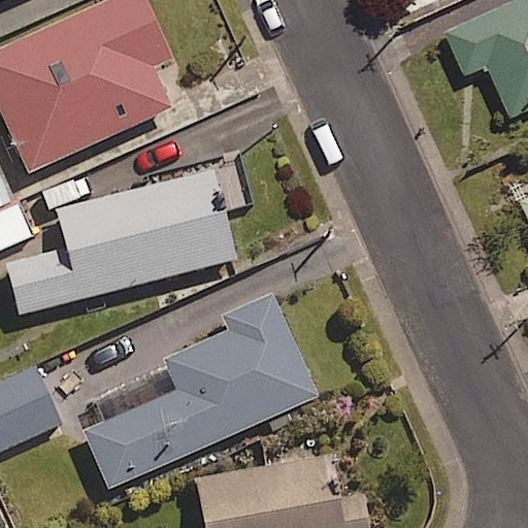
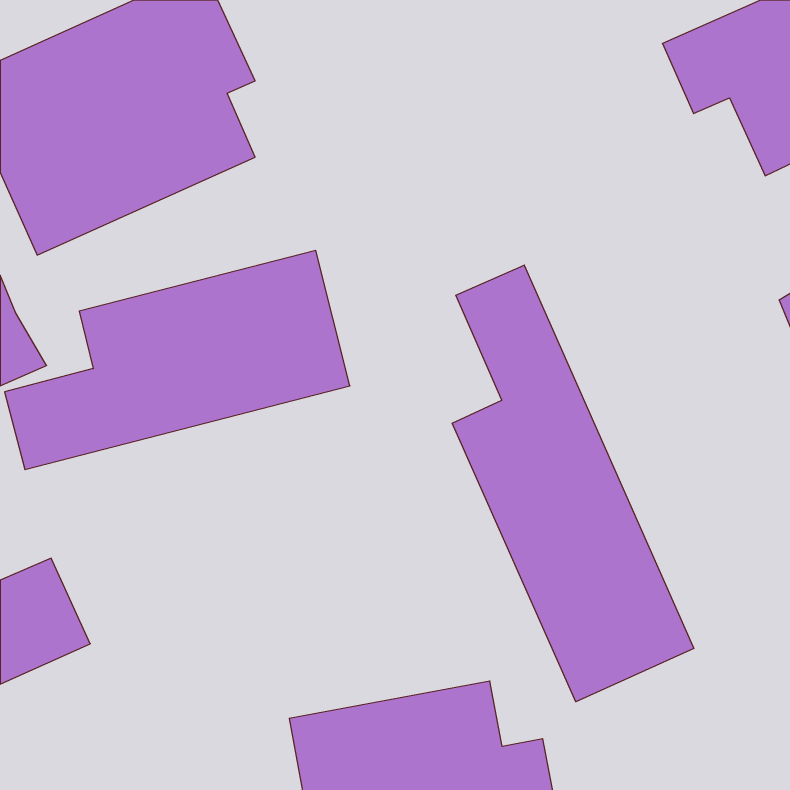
building: none -> [452,265,694,702]
building: [84,292,317,487] -> none

